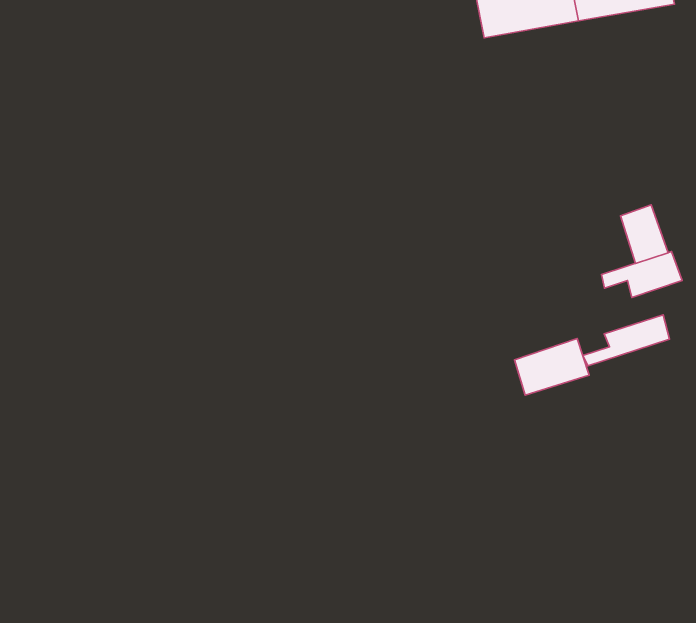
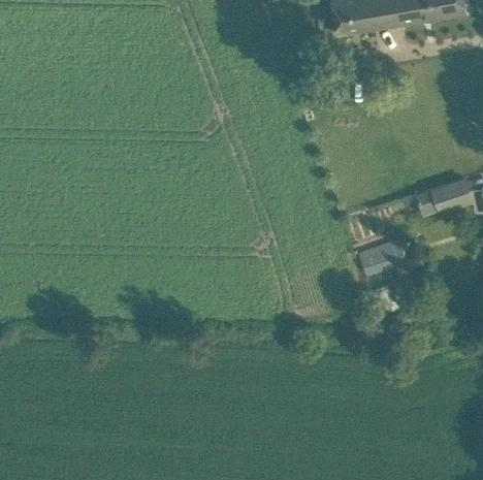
building: [620,205,668,263] -> none
building: [583,315,670,366] -> none

